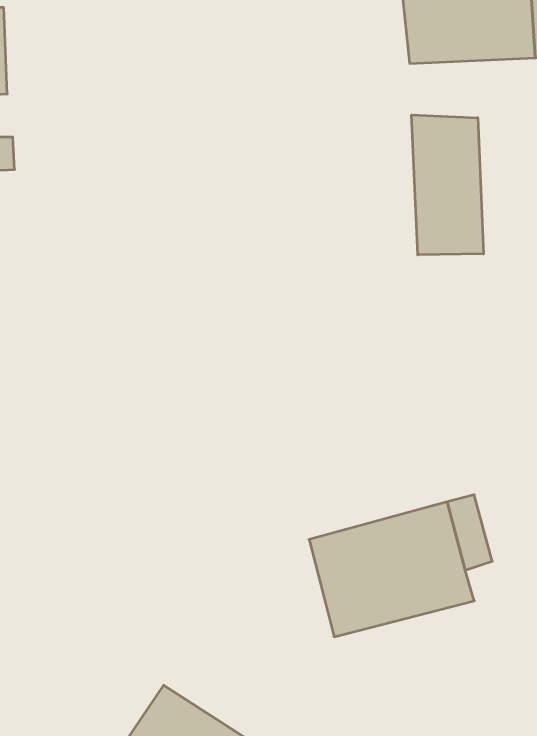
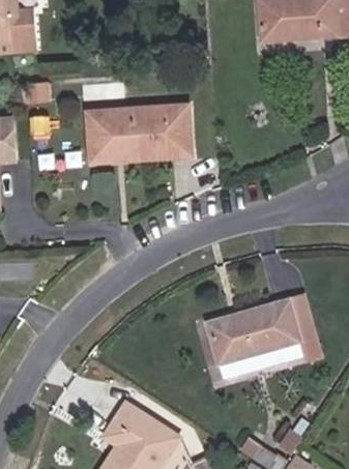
building: [412,115,483,255] -> none
building: none -> [93,107,191,166]

